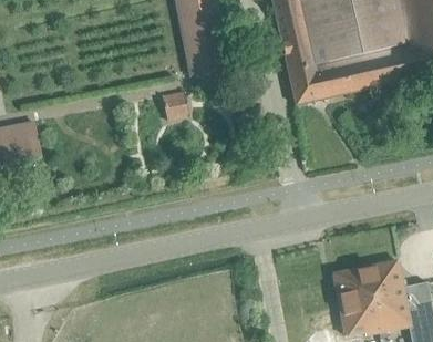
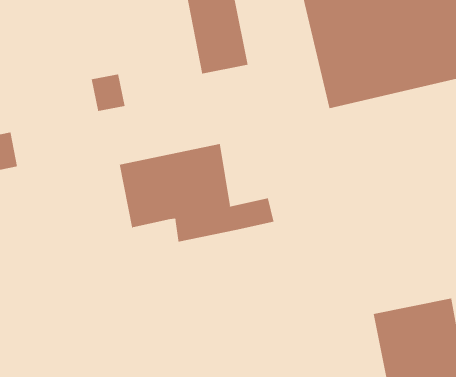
building: [161,89,189,120] -> [91,74,126,111]
building: none -> [119,143,274,243]

